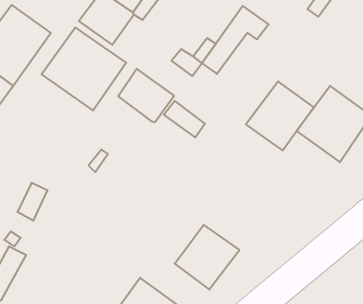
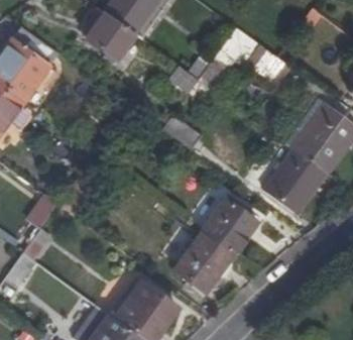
building: [42,27,126,111] -> none
building: [118,69,174,122] -> none
building: [246,81,314,150] -> [264,149,328,214]
building: none -> [201,199,257,255]

